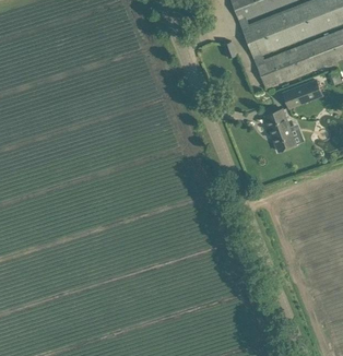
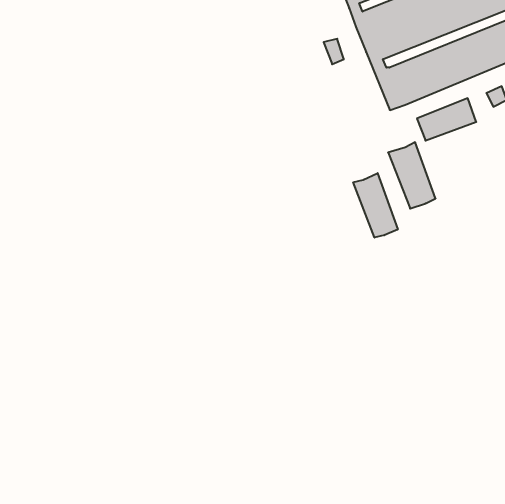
building: none -> [353,173,398,238]

